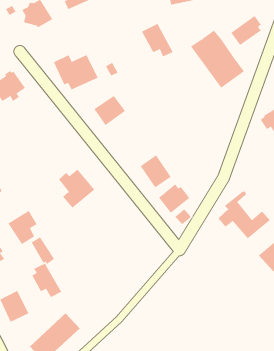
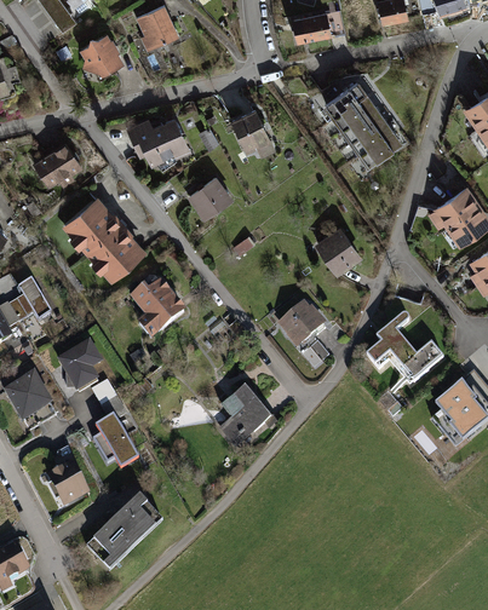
building: [231,15,262,46] -> none
building: [141,23,173,57] -> [229,108,276,157]
building: none -> [65,195,149,281]
building: [140,154,171,188] -> [315,226,361,276]
building: none -> [222,386,275,448]

